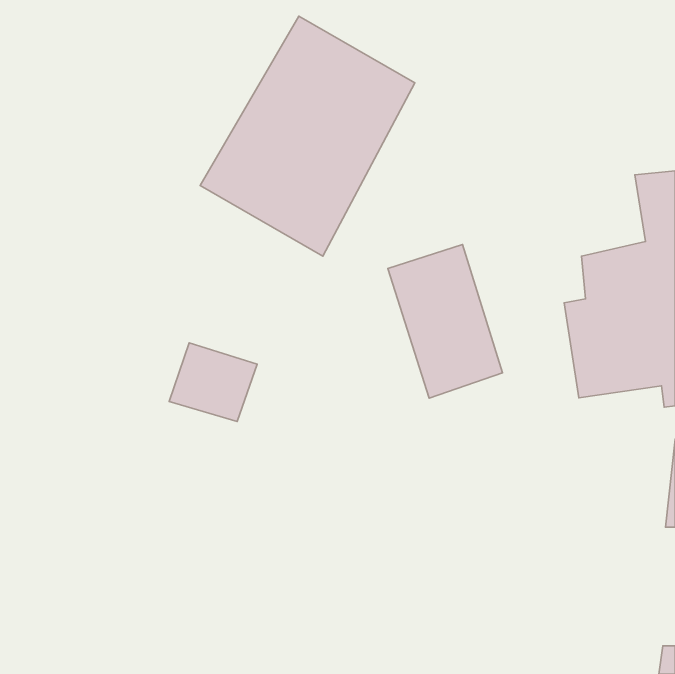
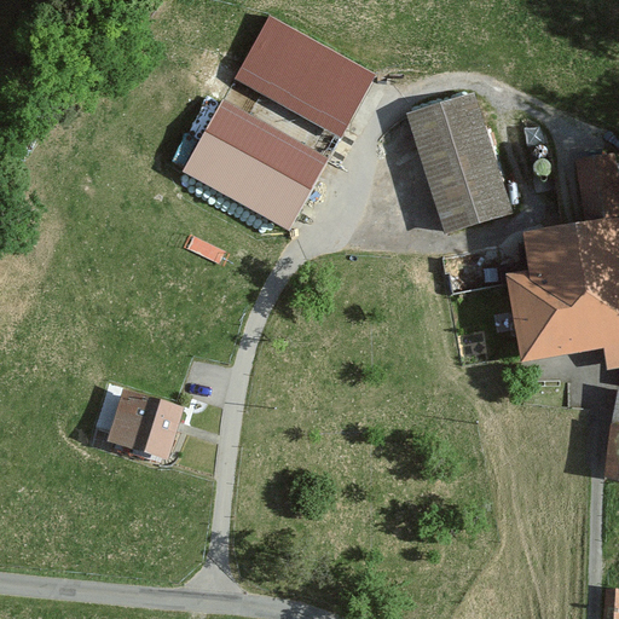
building: [388,245,503,398] -> [406,92,510,231]
building: [169,343,257,422] -> [106,387,186,458]

